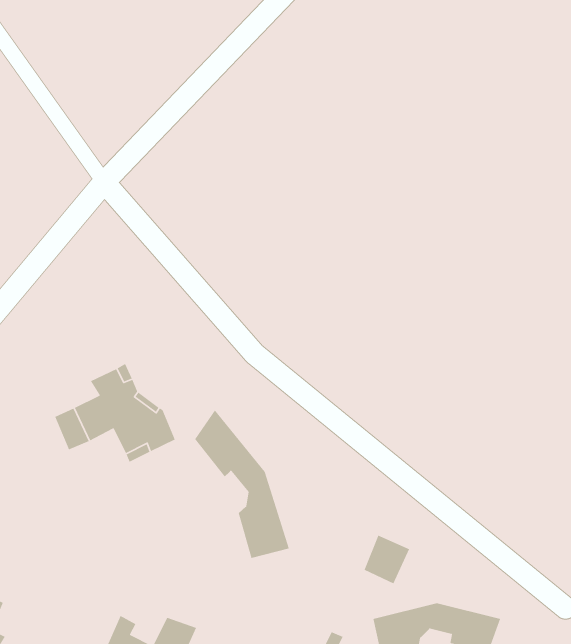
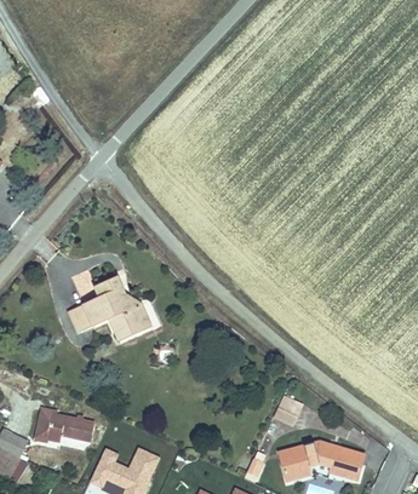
building: [194,409,290,559] -> none
building: none -> [32,408,91,442]

